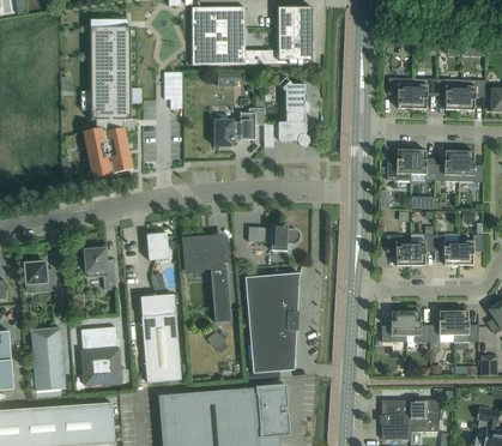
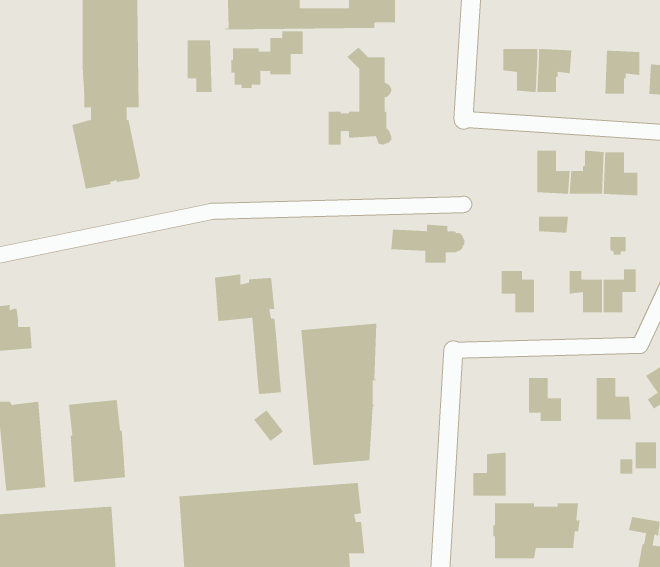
building: [435,79,460,110] -> none
building: [212,108,264,149] -> [231,31,303,88]
building: [386,149,411,180] -> none
building: [247,223,300,251] -> [390,224,465,263]
building: [146,233,169,260] -> none
building: [410,235,434,265] -> none
building: [84,246,116,290] -> none
building: [140,294,181,381] -> none
building: [381,311,405,342] -> [473,452,506,496]
building: [429,311,453,342] -> none

